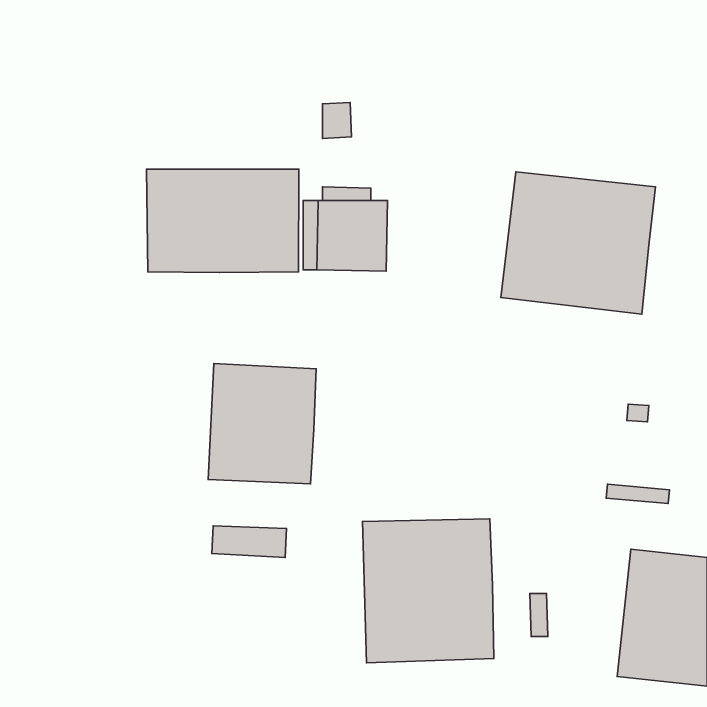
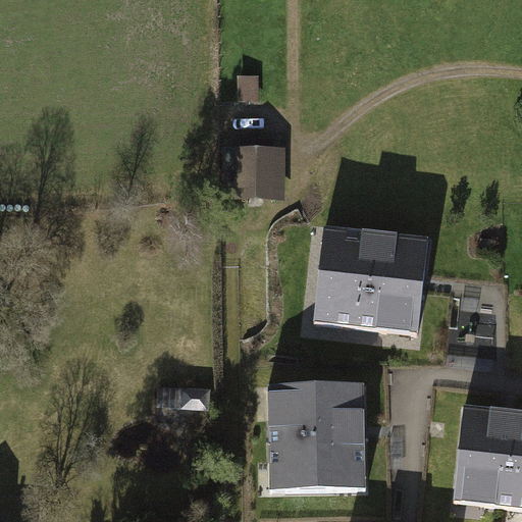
building: [147,169,299,273] -> none
building: [501,172,656,314] -> [314,229,428,334]
building: [208,364,316,484] -> none

